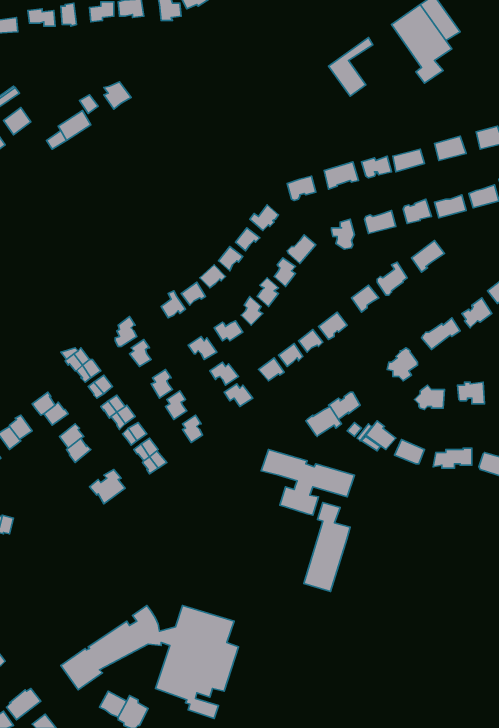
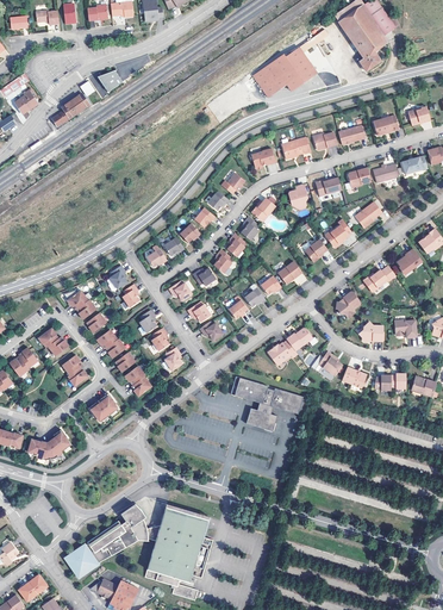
building: none -> [252,52,304,97]
building: [304,503,350,591] -> none
building: none -> [29,428,69,458]

